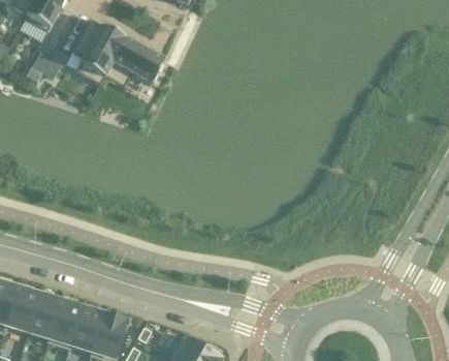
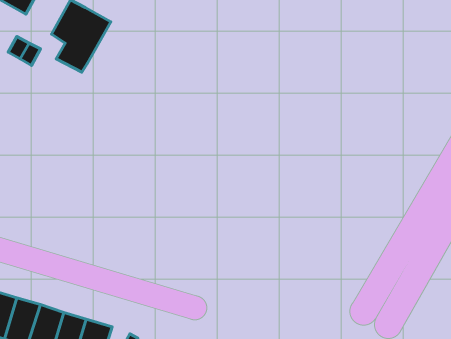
building: [105,38,166,88] -> none

